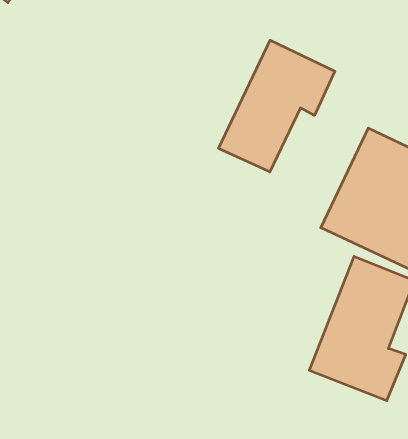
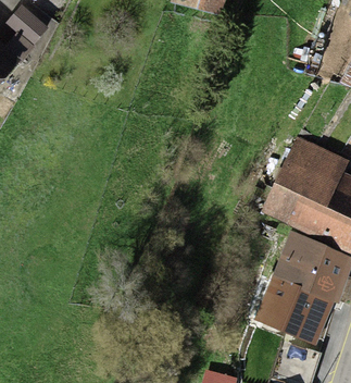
building: [219,40,335,172] -> none

